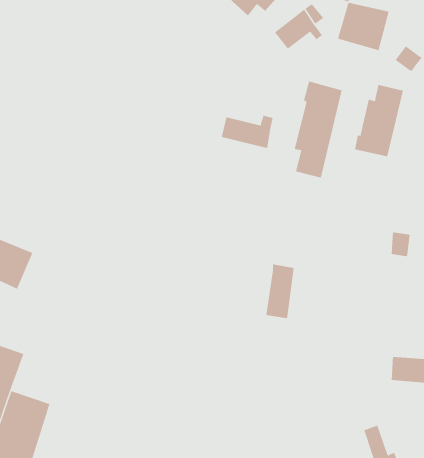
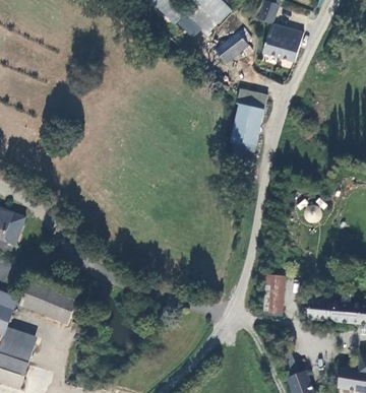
building: [354,84,403,157] -> none
building: [221,115,273,149] -> none
building: [266,264,294,319] -> [263,272,286,315]
building: none -> [22,286,79,328]

